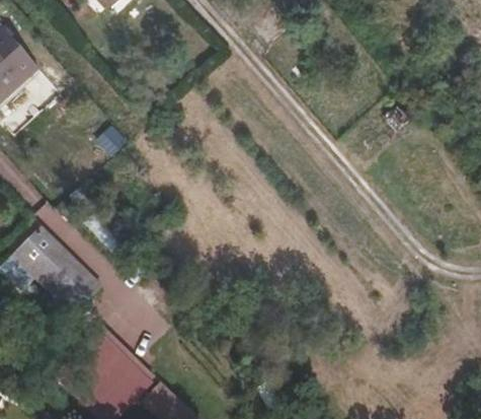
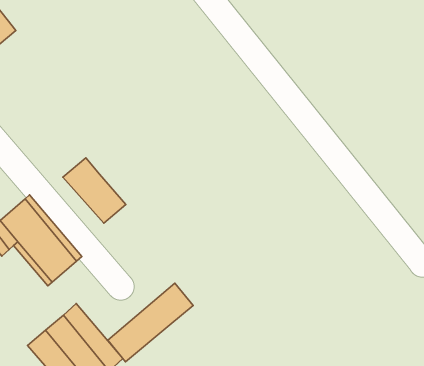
building: none -> [63,158,126,223]
building: none -> [108,283,193,362]

